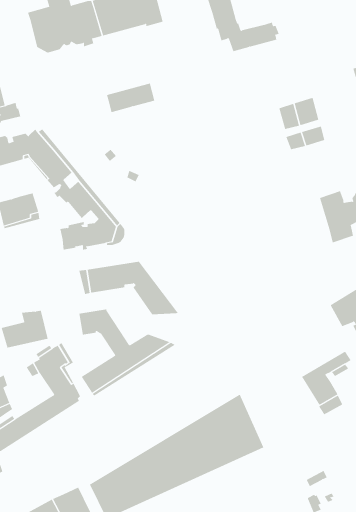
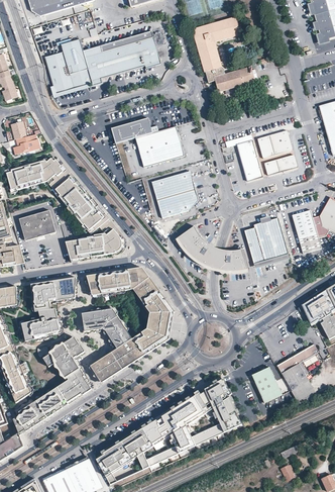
building: none -> [133,126,182,168]
building: none -> [235,139,261,180]
building: none -> [149,172,196,218]
building: none -> [244,217,288,264]
building: none -> [177,225,246,271]
building: none -> [31,278,77,312]
building: none -> [146,312,171,336]
building: none -> [250,367,281,402]

